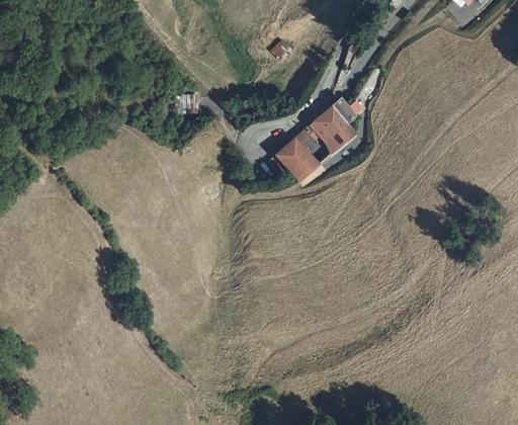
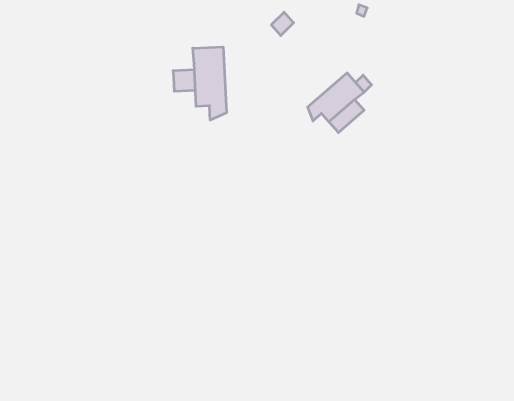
building: none -> [193,47,226,120]
building: [276,139,320,181] -> none

